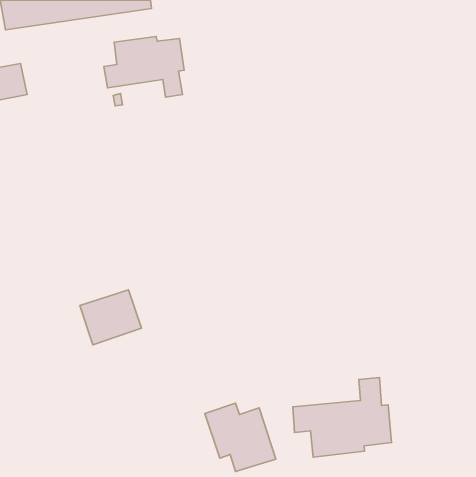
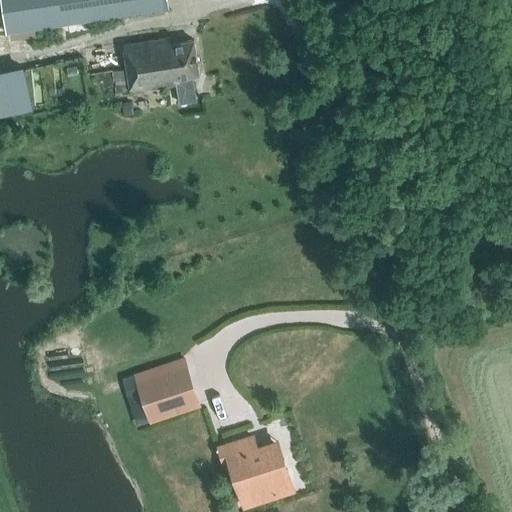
building: [80,290,141,345] -> [134,365,200,424]
building: [293,378,392,457] -> none

